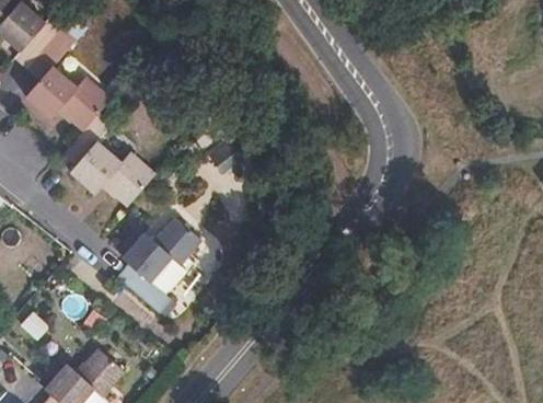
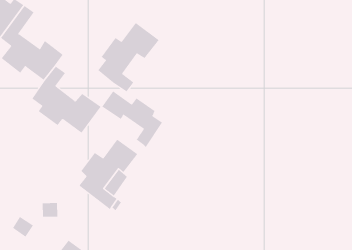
building: none -> [98,22,159,92]
building: none -> [101,91,163,148]

